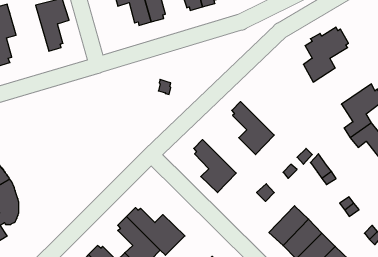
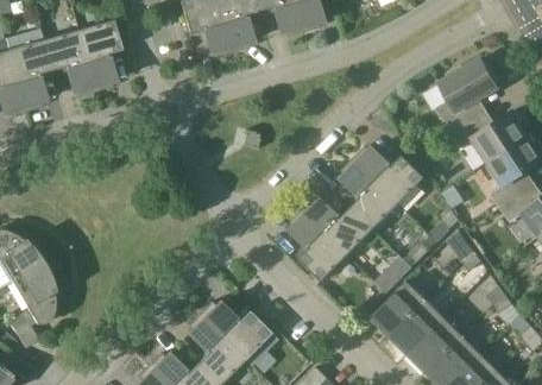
building: none -> [43,30,95,96]
building: none -> [450,112,529,163]
building: none -> [353,147,424,204]
building: none -> [302,198,373,255]
building: none -> [372,280,426,335]

